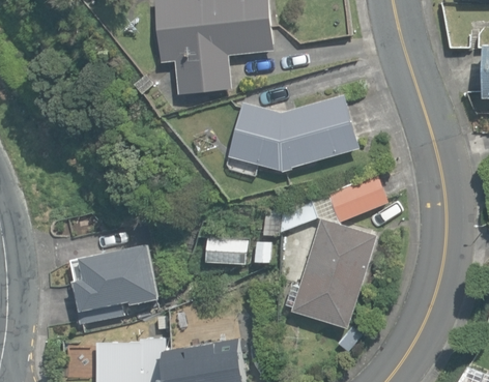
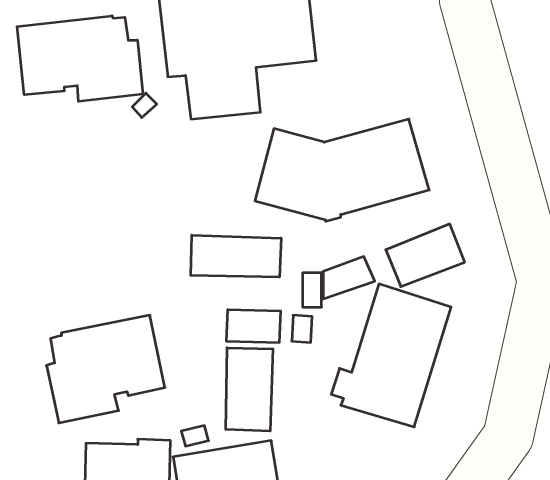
building: none -> [17,16,143,101]
building: none -> [191,235,281,277]
building: none -> [226,348,273,431]

